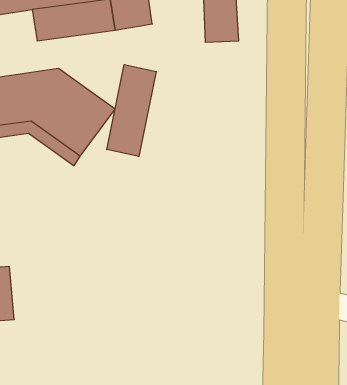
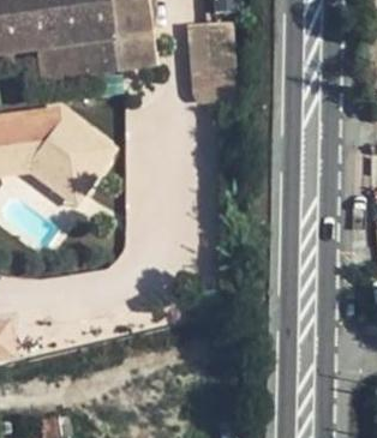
building: [107,65,156,157] -> none

